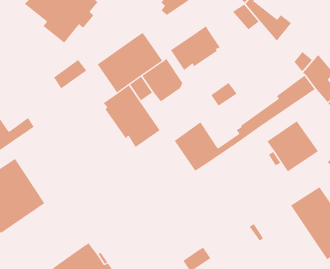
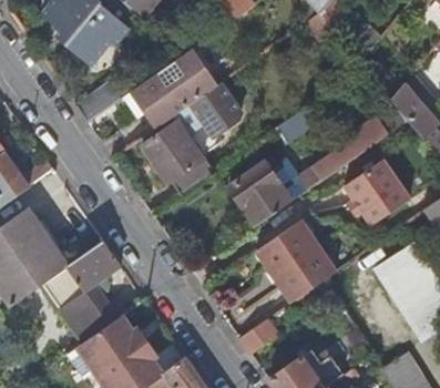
building: [170,26,220,71] -> none
building: none -> [256,221,338,303]
building: none -> [41,241,121,344]

